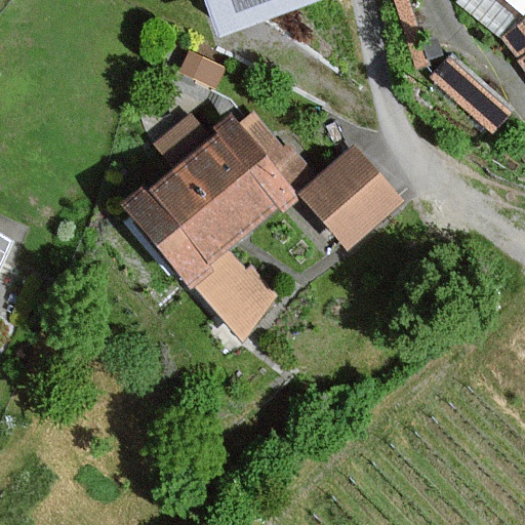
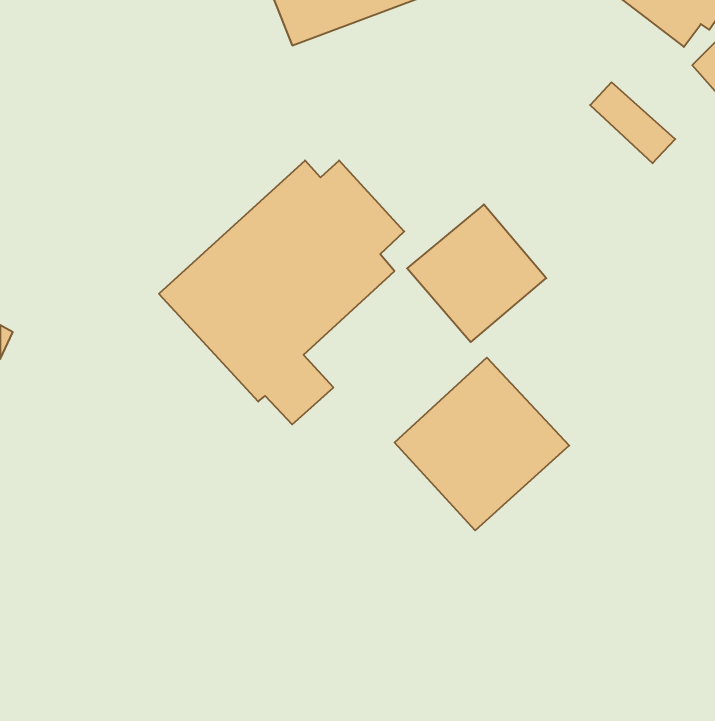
building: none -> [395,358,569,530]

